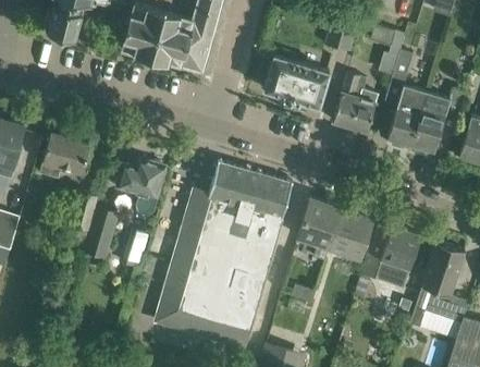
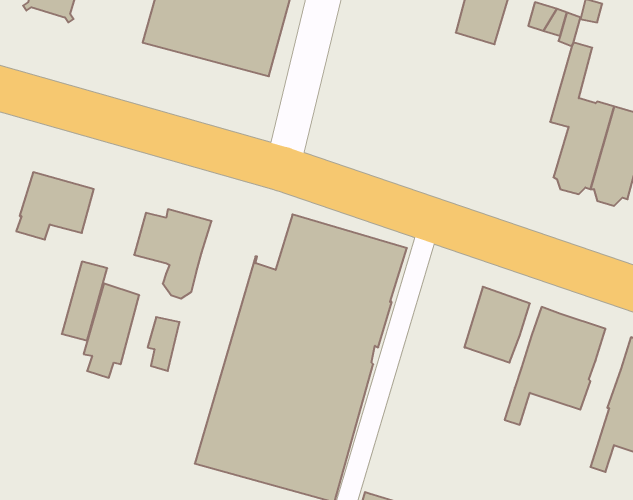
building: [263,53,330,115] -> none
building: [333,73,379,133] -> none
building: [298,199,342,262] -> none

